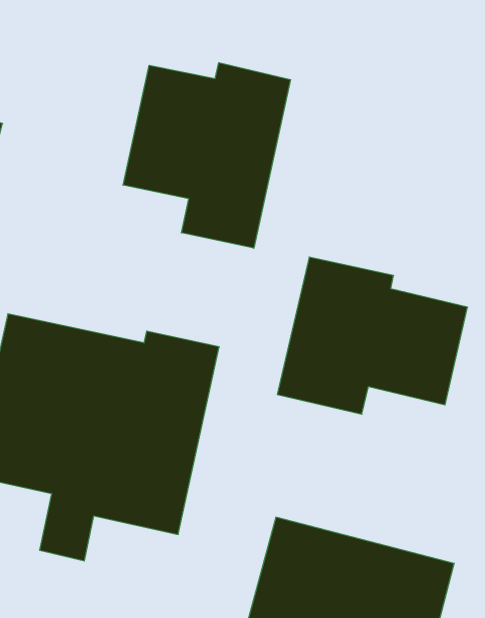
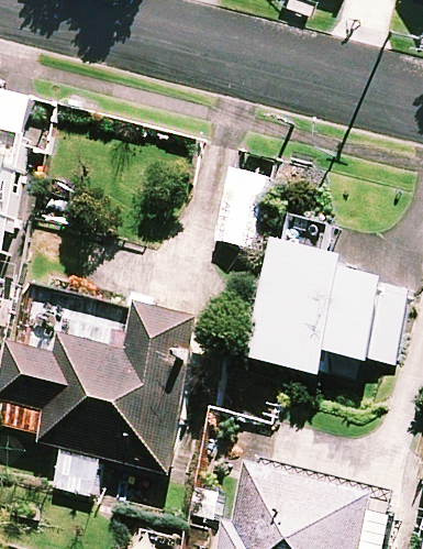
building: [123,63,291,248] -> none

